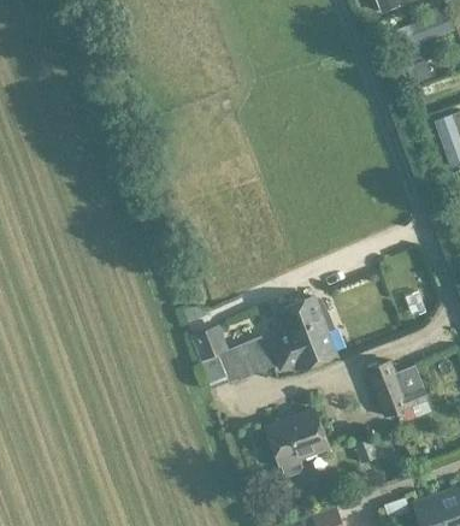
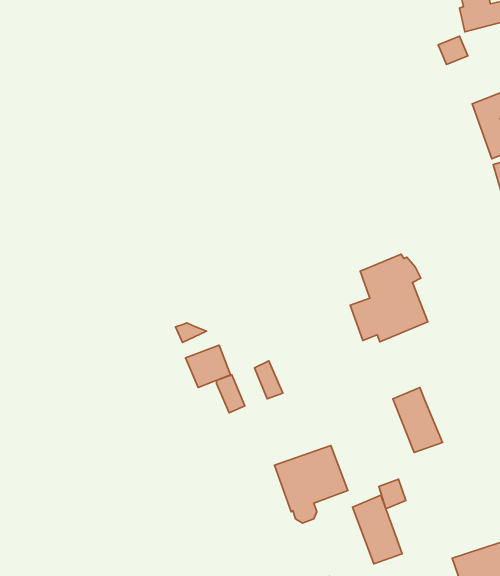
building: [270,299,336,373] -> [350,254,428,342]
building: [395,366,429,409] -> none
building: none -> [353,495,402,564]

